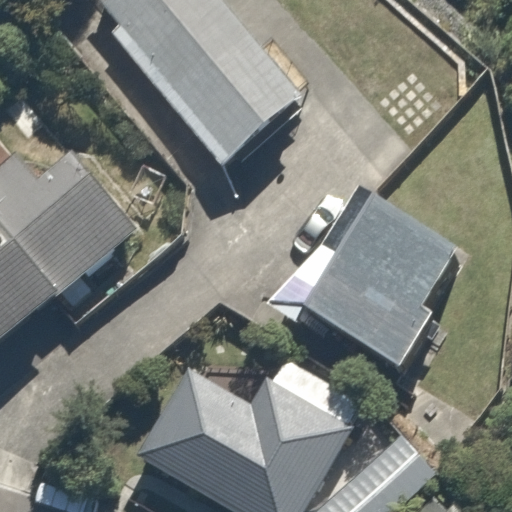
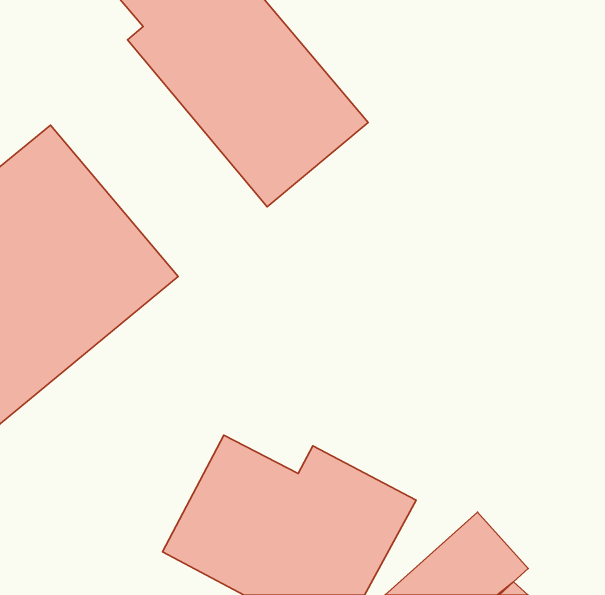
building: [273,201,463,378] -> none

